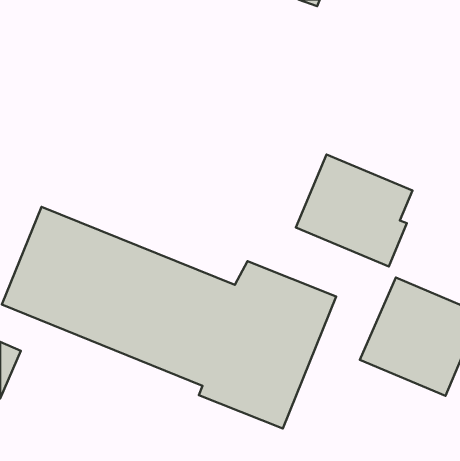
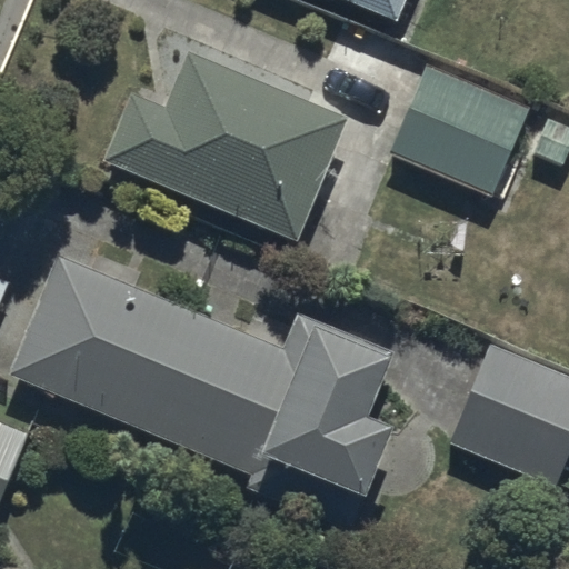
building: none -> [108,51,347,238]
building: [296,154,412,267] -> [387,60,530,198]

